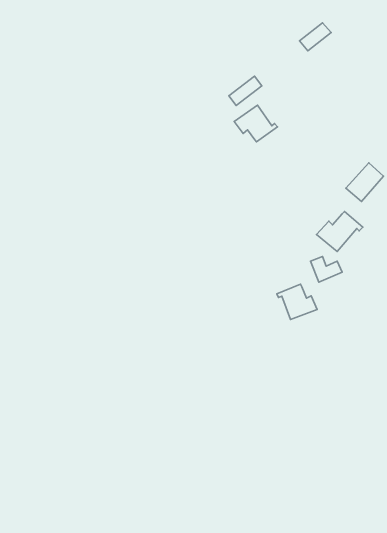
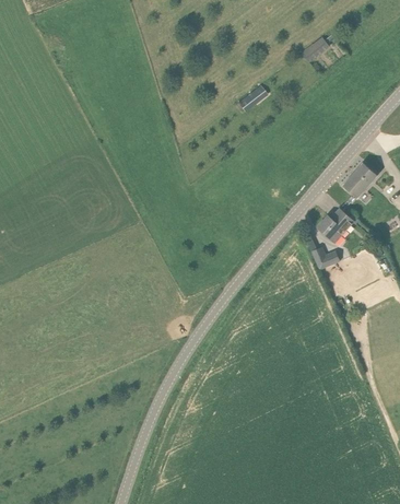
building: [234,105,277,142] -> none
building: [277,284,317,320] -> none

